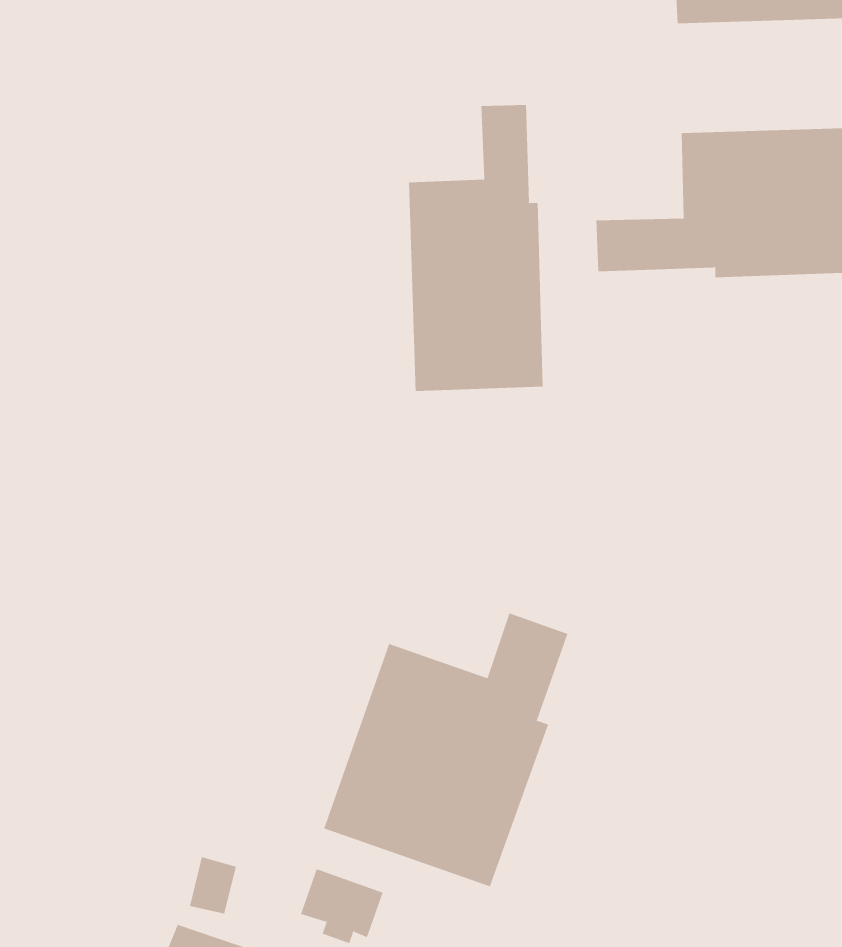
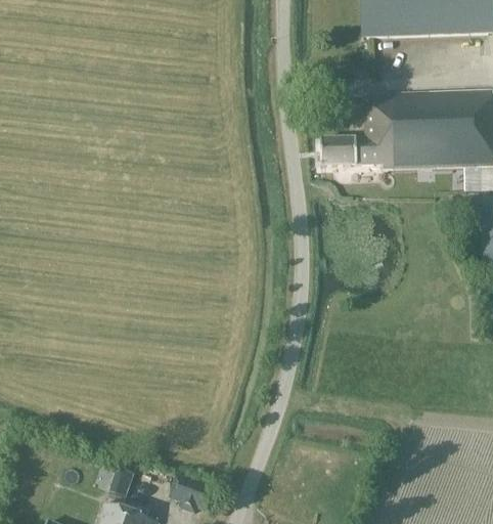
building: [408,104,543,392] -> none
building: [323,612,568,887] -> none

